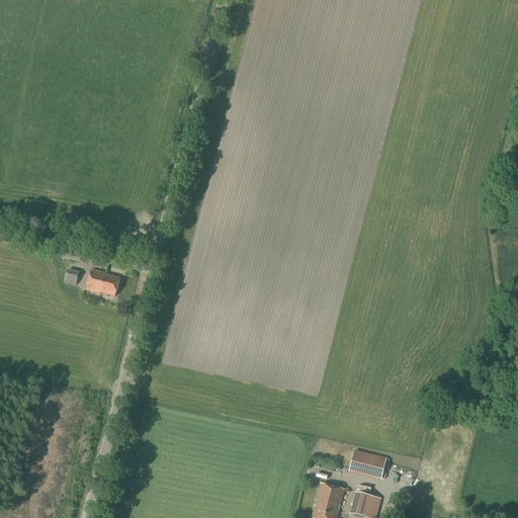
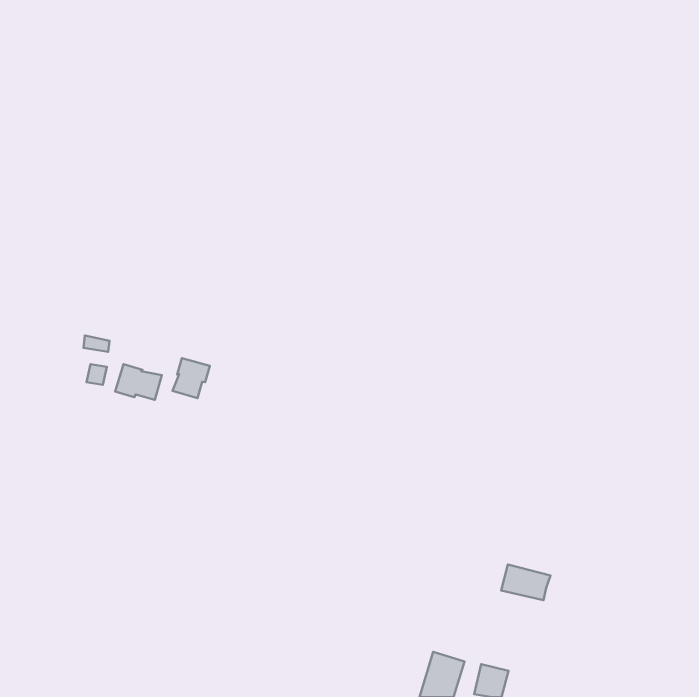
building: none -> [172,358,210,398]
building: [350,450,386,477] -> [501,565,550,600]

